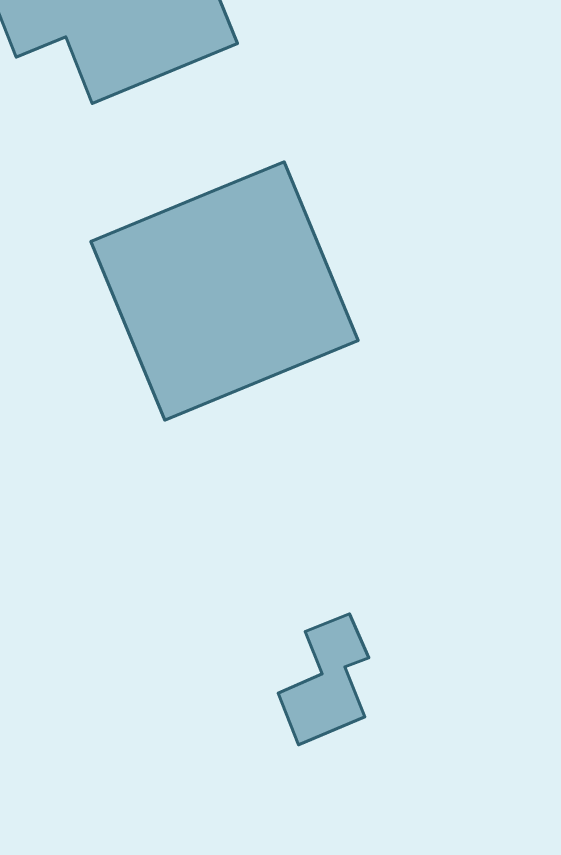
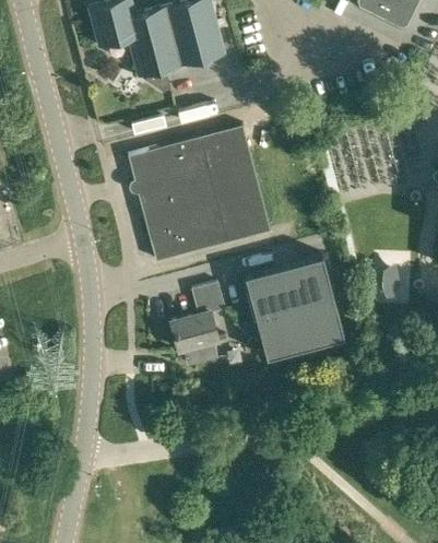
building: none -> [247,257,346,357]
building: [278,614,369,745] -> [171,282,225,352]

